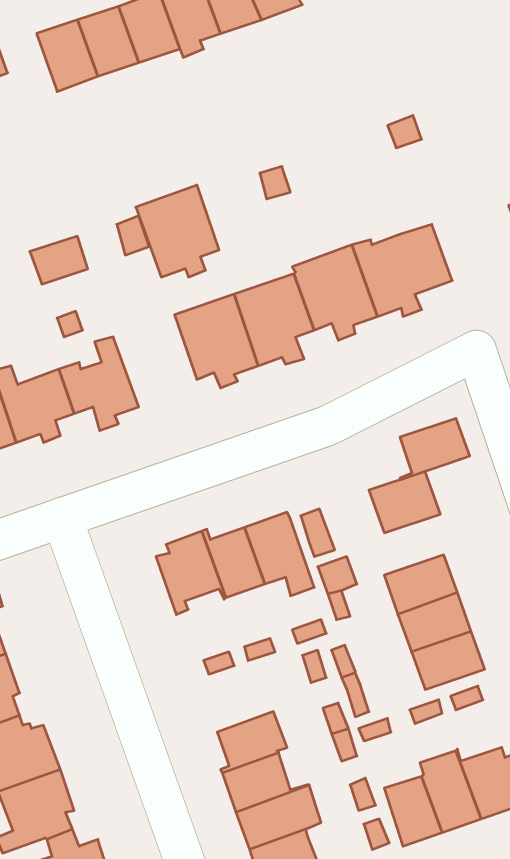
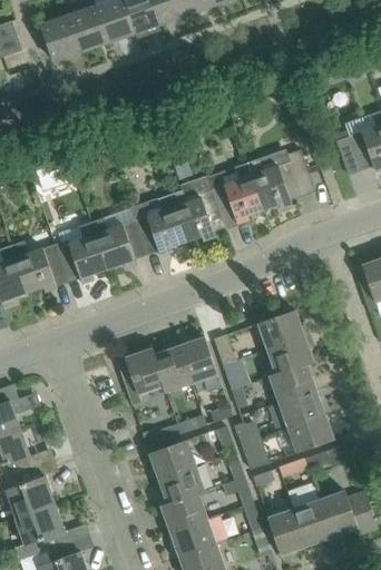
building: [136,185,219,277] -> [91,208,146,268]
building: [400,418,470,480] -> [268,338,314,379]
building: none -> [150,440,196,481]

